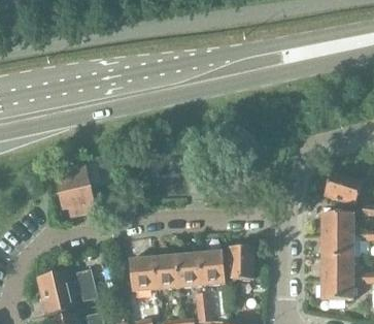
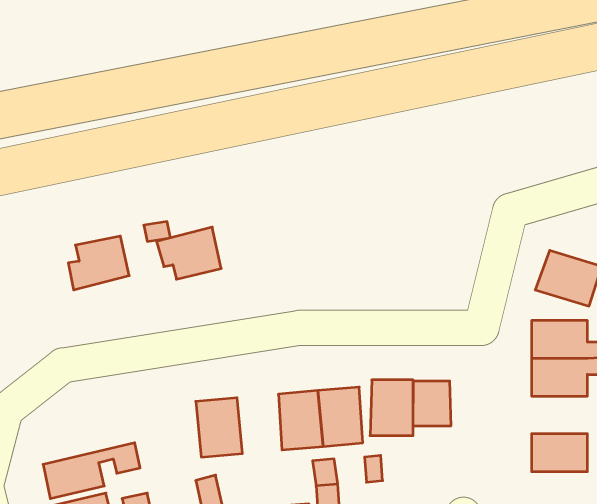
building: [59,187,96,217] -> [157,227,221,279]
building: none -> [413,381,451,426]
building: [152,255,178,289] -> none
building: [321,256,353,278] -> none
building: [37,269,94,295] -> none

